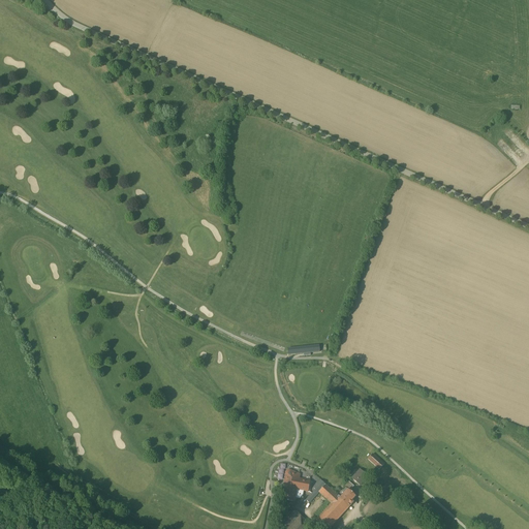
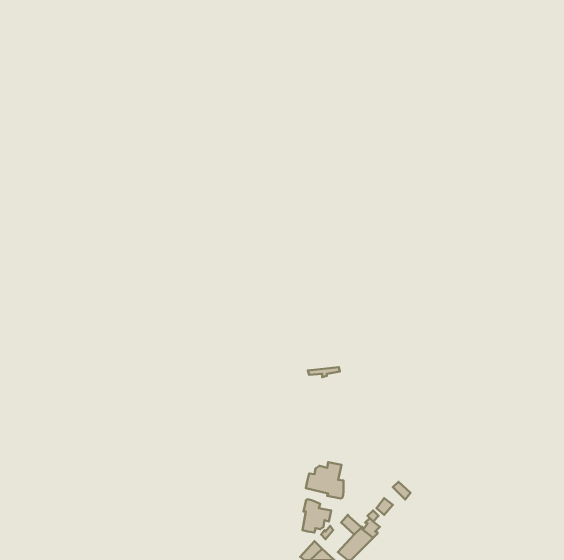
building: none -> [306,462,344,499]

